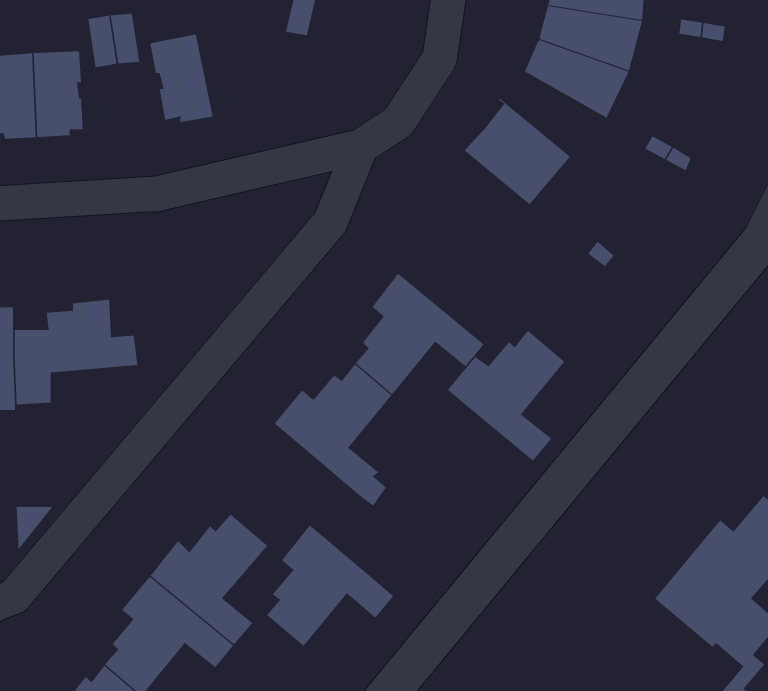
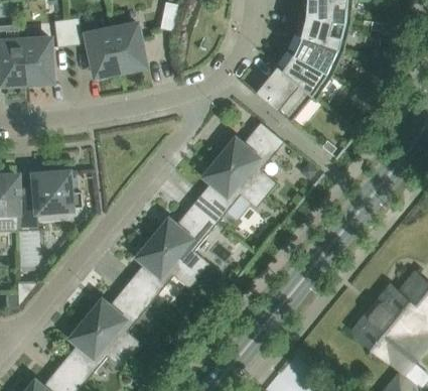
building: none -> [111,22,144,73]
building: none -> [273,48,330,97]
building: [447,330,565,461] -> [219,124,282,194]
building: [266,525,394,647] -> [129,237,197,302]

